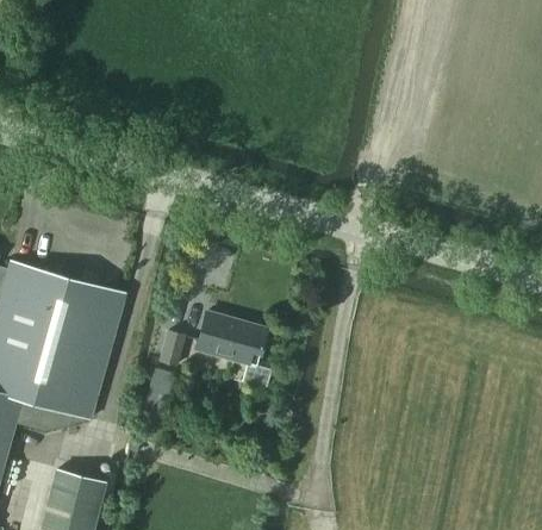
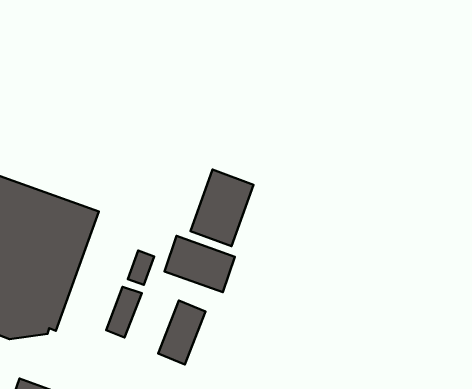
building: none -> [191,169,254,246]
building: none -> [158,301,206,364]

